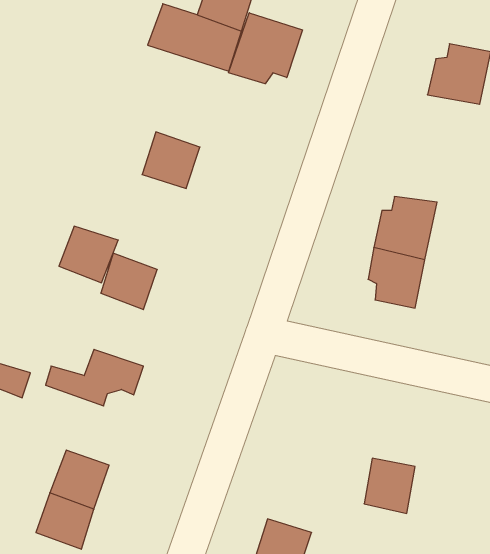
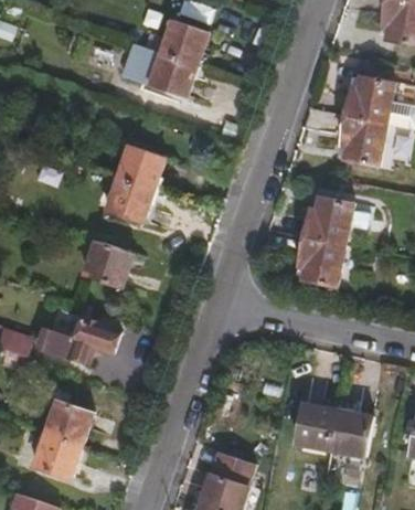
building: [228,13,303,84] -> none
building: none -> [341,114,387,163]
building: [59,226,118,283] -> [105,178,152,223]
building: none -> [329,412,366,455]

